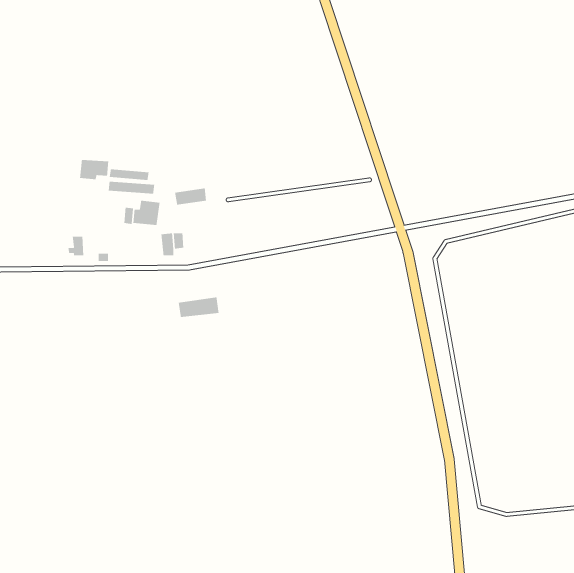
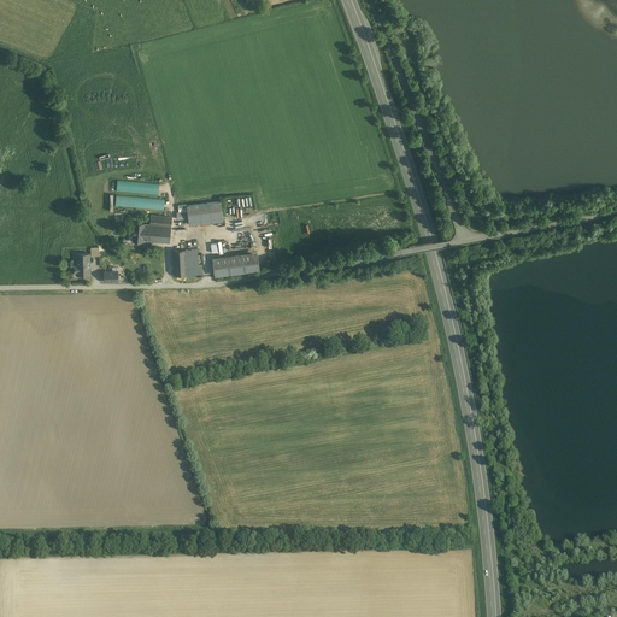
building: [79,159,109,180] -> none
building: [178,297,220,318] -> [213,253,258,276]

